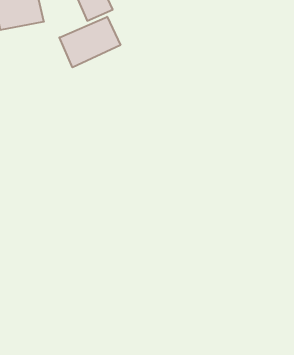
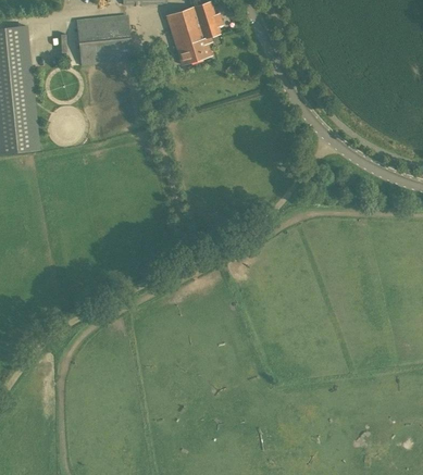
building: [59,17,120,67] -> none

